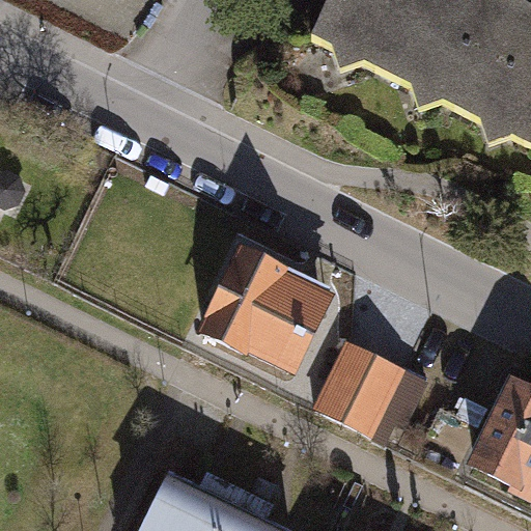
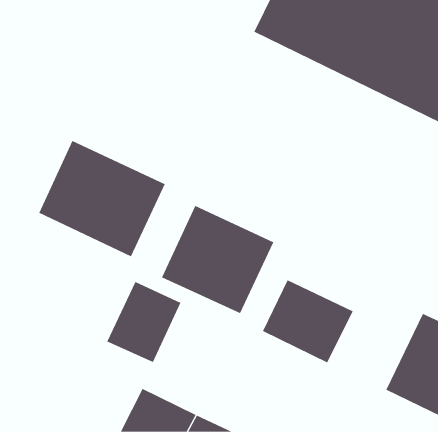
building: none -> [38,140,166,257]
building: none -> [106,281,181,363]

